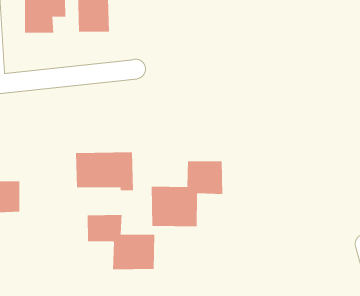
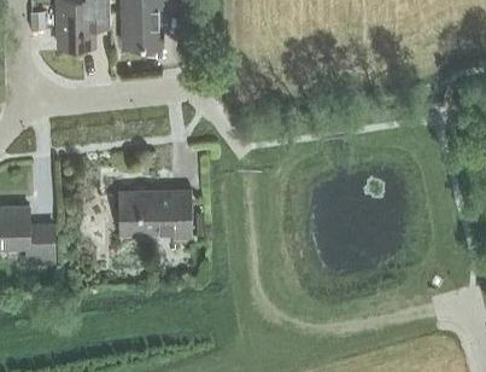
building: [151,160,223,227] -> none
building: [87,214,155,270] -> none

